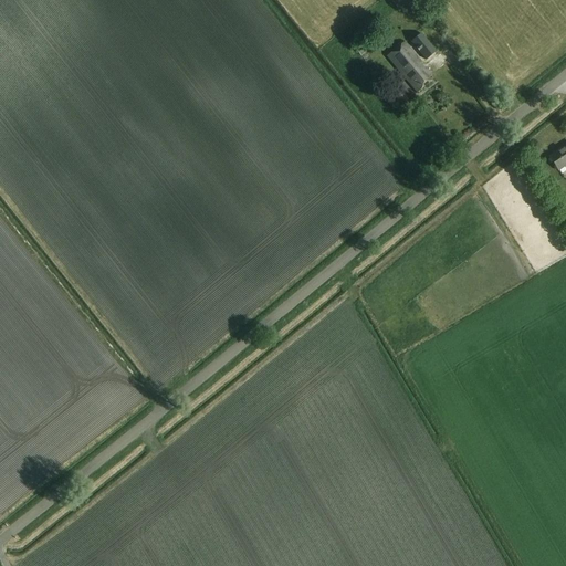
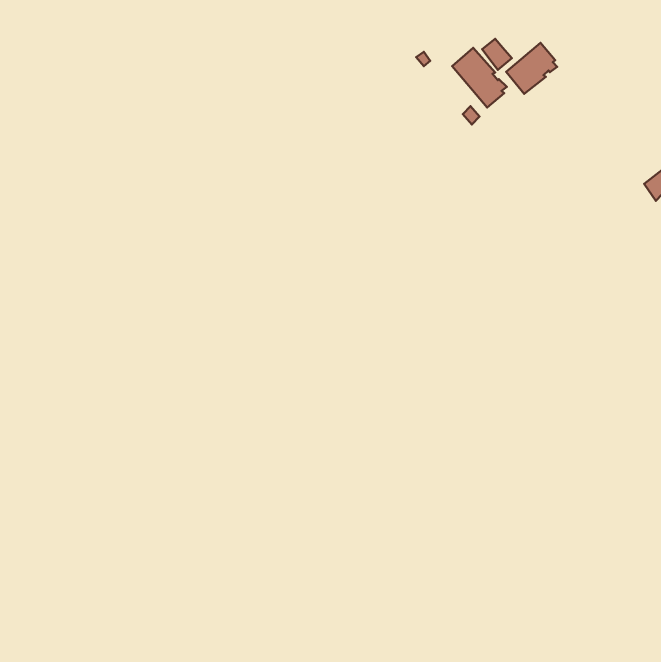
building: none -> [506,43,557,94]

